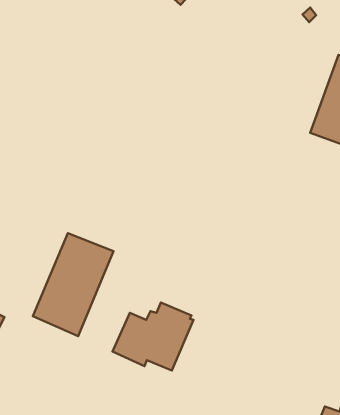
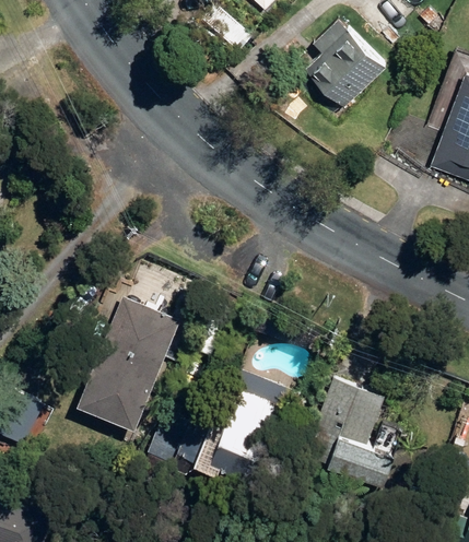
building: none -> [305,27,386,108]
building: none -> [306,380,395,481]

